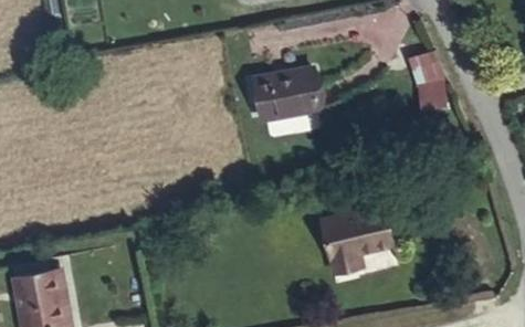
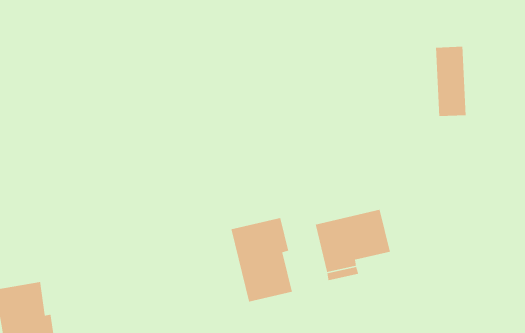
building: [259,64,329,115] -> none
building: none -> [231,217,293,303]

